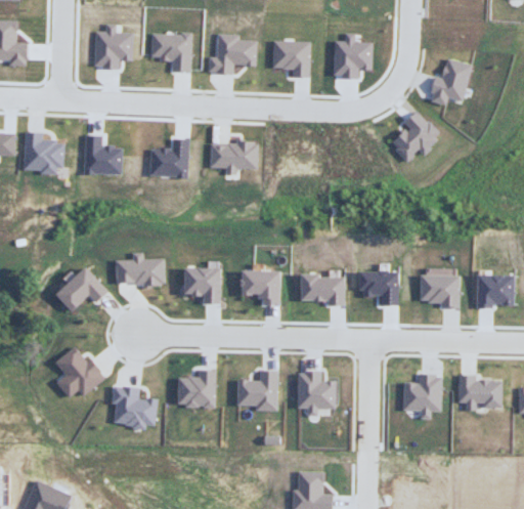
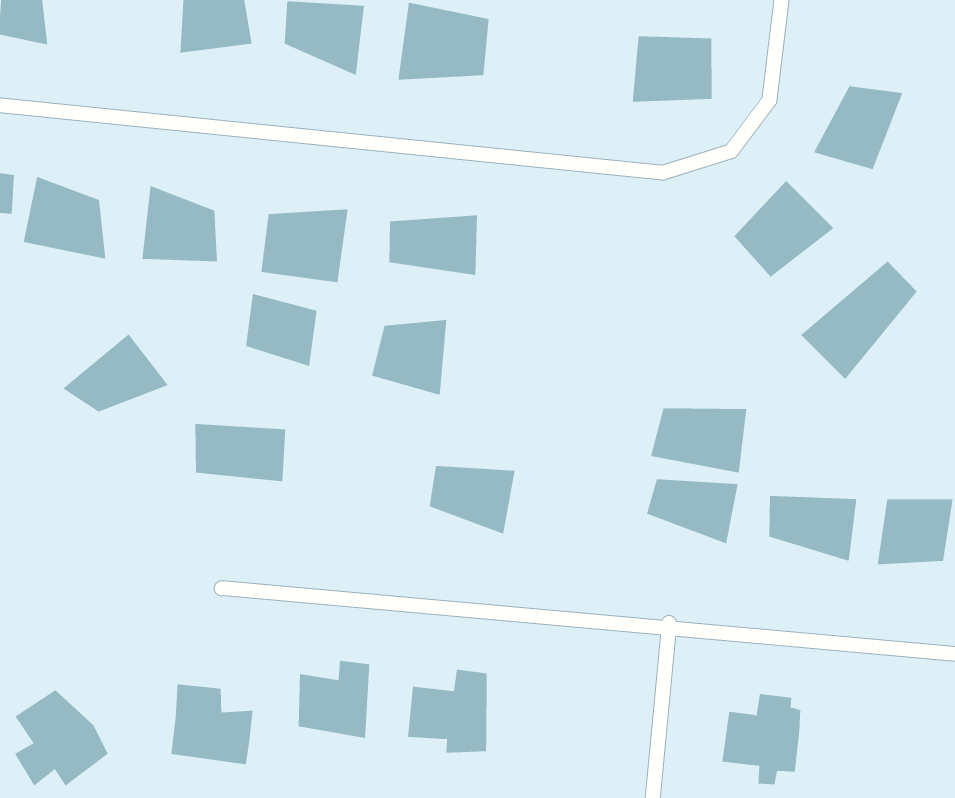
building: [270,36,312,78] -> none
building: none -> [800,260,917,380]
building: none -> [245,293,317,367]
building: [181,260,219,300] -> [371,319,447,396]
building: [52,265,107,307] -> [63,334,169,412]
building: [297,269,346,303] -> [650,408,747,473]
building: [56,353,106,405] -> [14,690,108,787]
building: [297,378,334,421] -> none
building: [457,381,501,418] -> none

